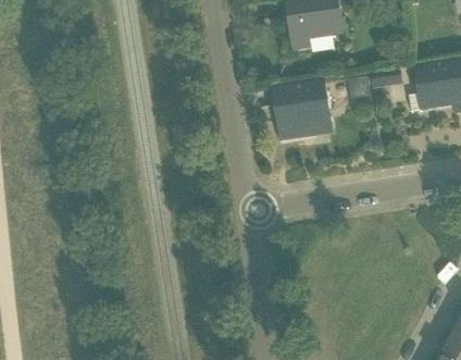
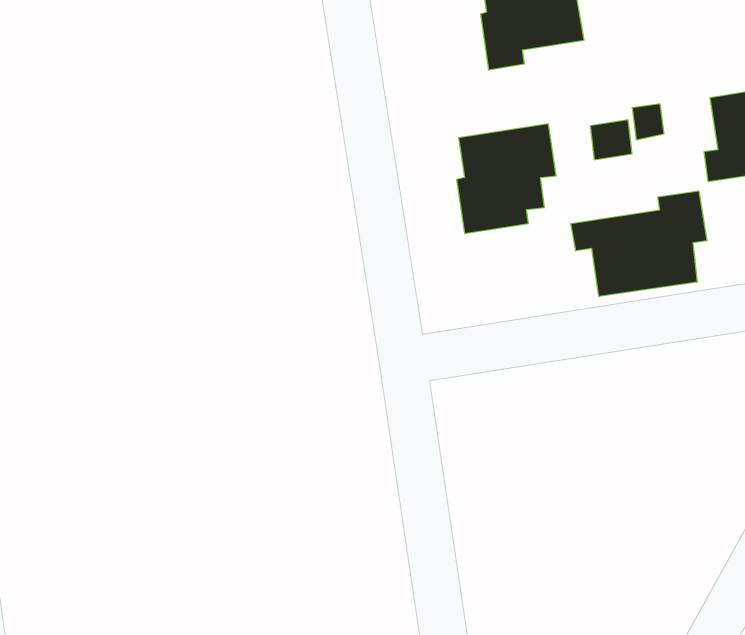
building: none -> [571,191,707,297]

